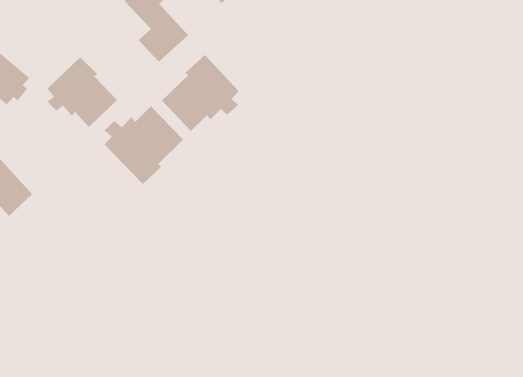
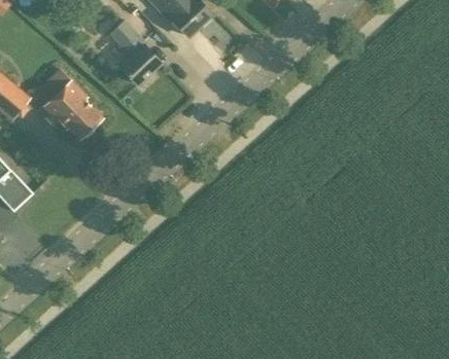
building: [161,54,240,132] -> none
building: [104,106,184,185] -> none

